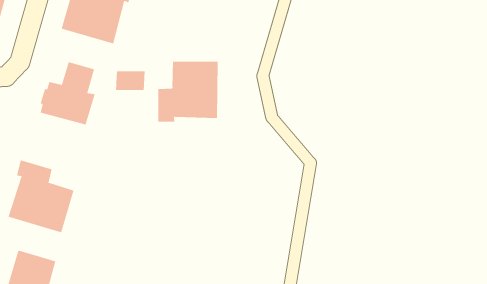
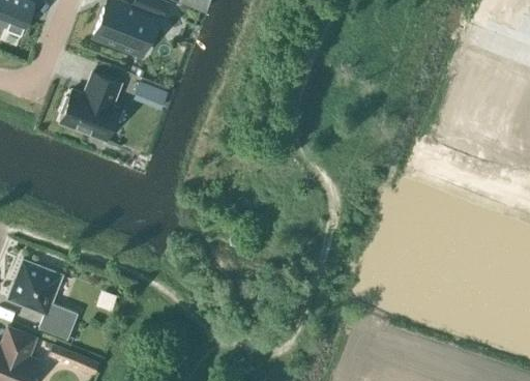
building: [158,61,218,123] -> none
building: [8,159,74,233] -> none

